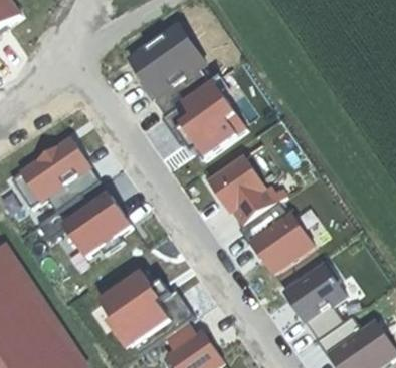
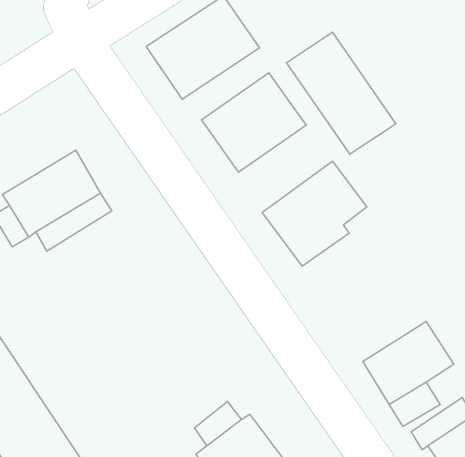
building: none -> [286,32,396,154]
building: [53,192,131,260] -> none
building: [236,199,314,275] -> none
building: [96,272,188,354] -> none

